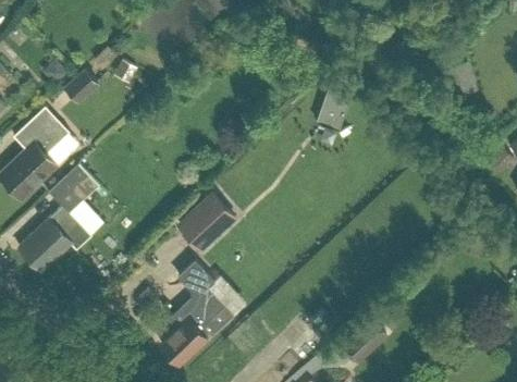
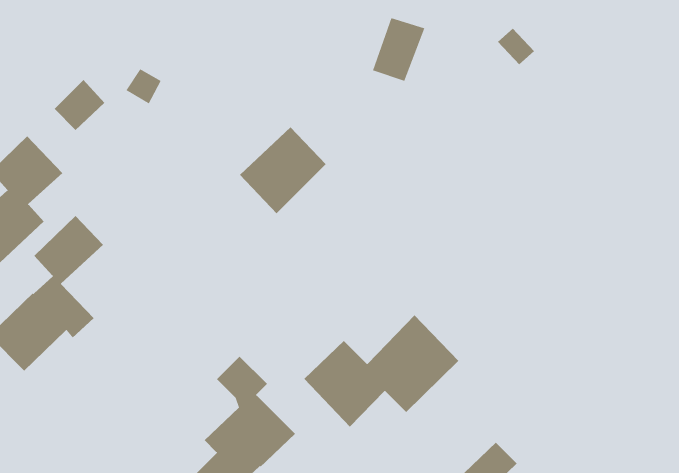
building: [315,86,352,131] -> [372,17,425,81]
building: [176,193,237,254] -> [239,127,326,214]
building: none -> [303,314,459,427]

